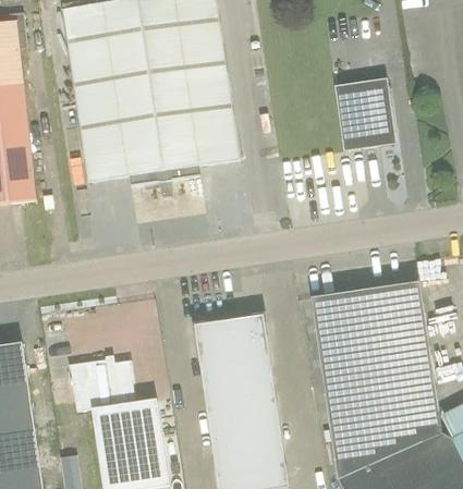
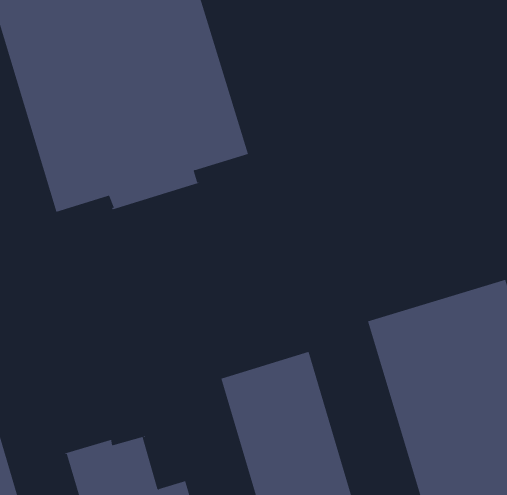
building: [334,78,395,150] -> none

